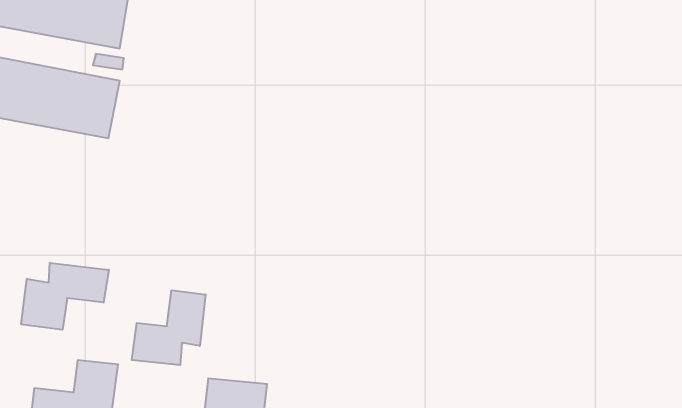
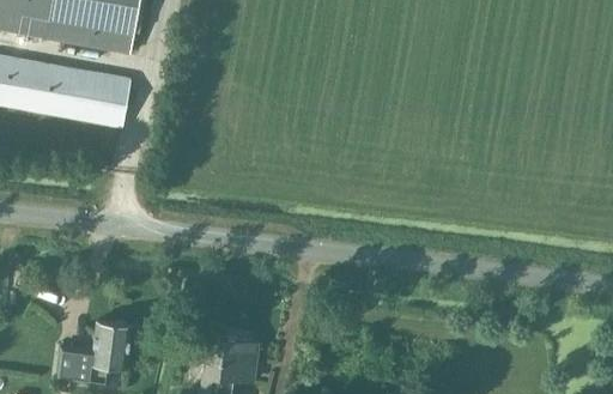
building: [21,263,109,330] -> none
building: [132,290,206,365] -> none

